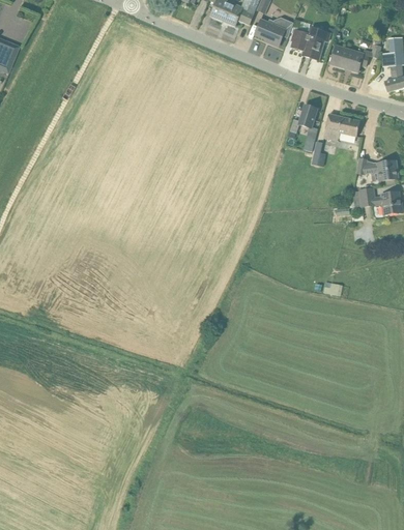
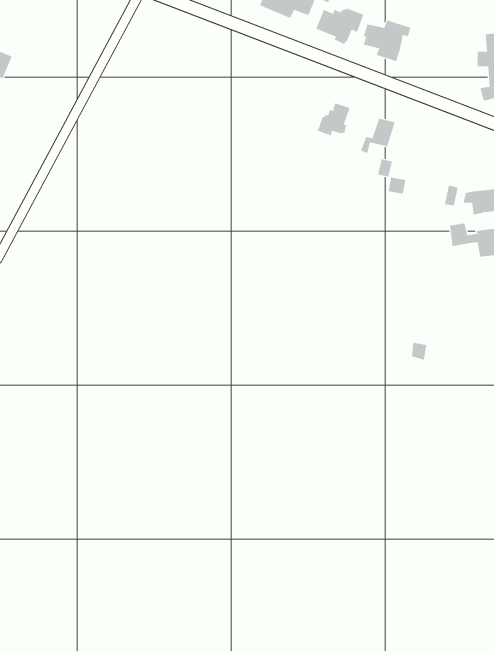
building: [330,43,382,70] -> none
building: none -> [317,102,350,136]
building: [324,113,360,140] -> none

